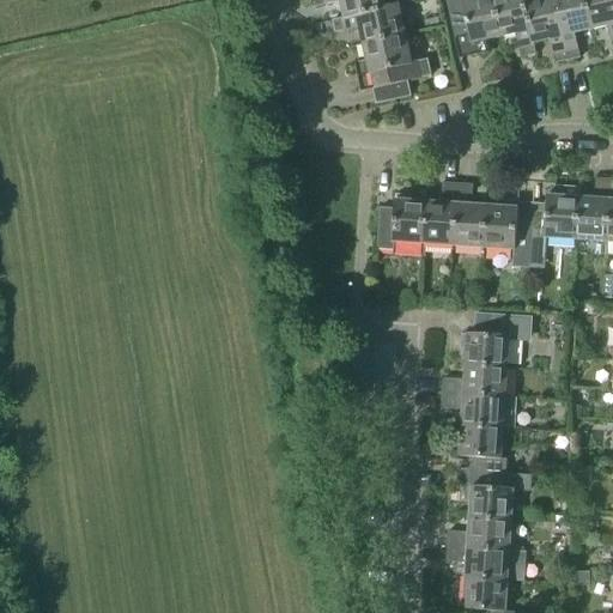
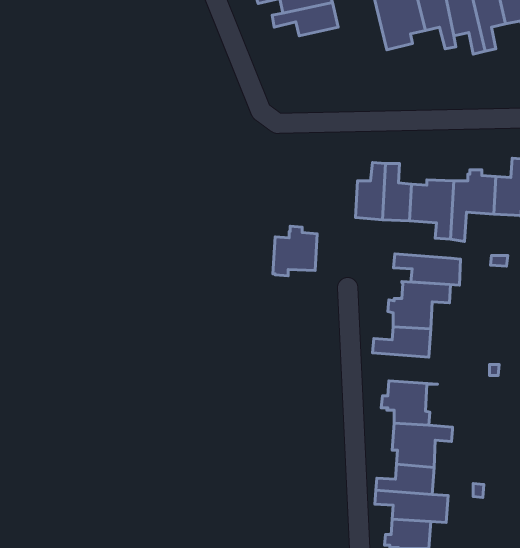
building: [356,31,432,102] -> none
building: [378,193,427,248] -> [273,226,317,276]
building: [443,392,517,426] -> [394,254,461,285]

